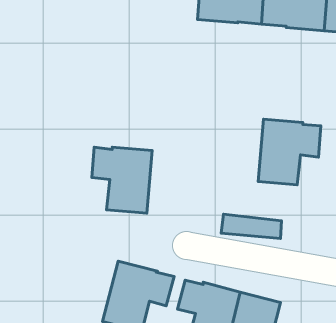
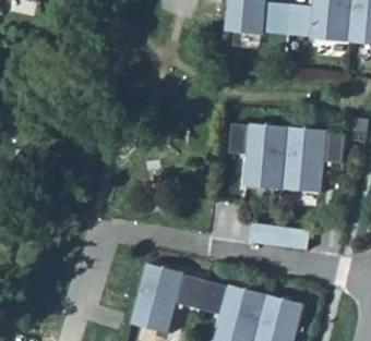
building: [92,147,152,213] -> [228,122,287,186]

